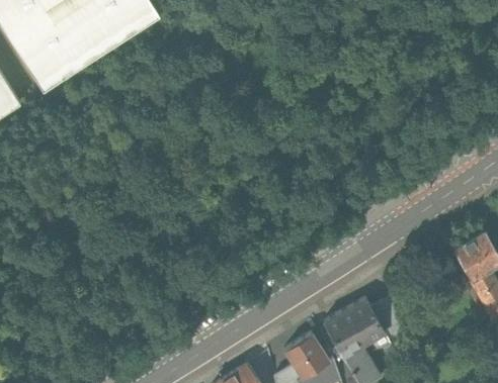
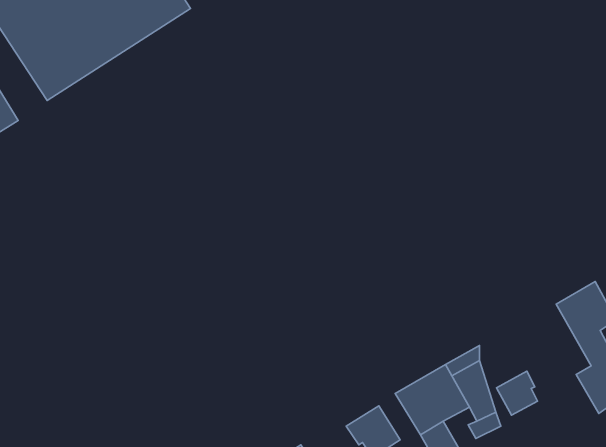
building: none -> [497,371,538,415]

